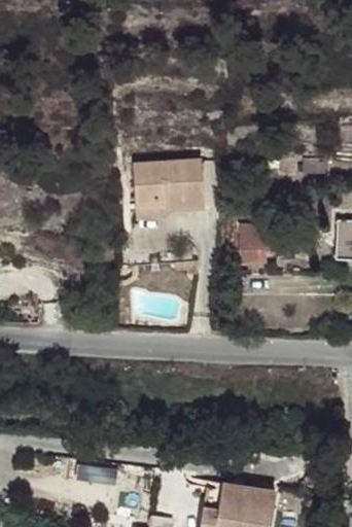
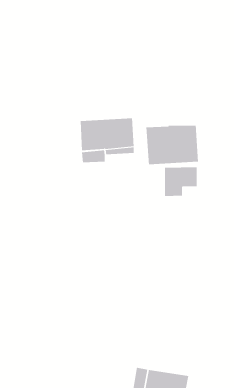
building: none -> [146,125,199,165]

